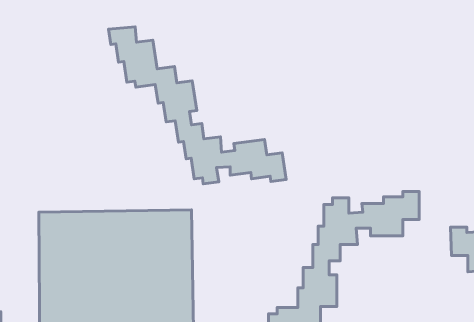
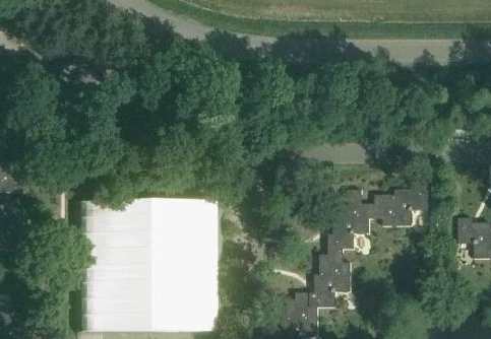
building: [109,27,286,184] -> none

